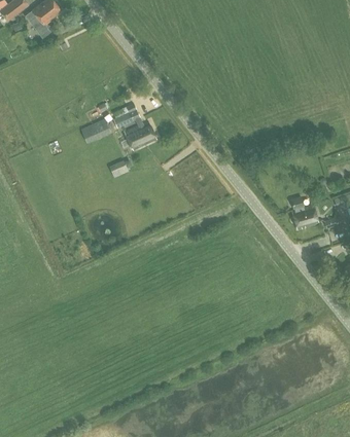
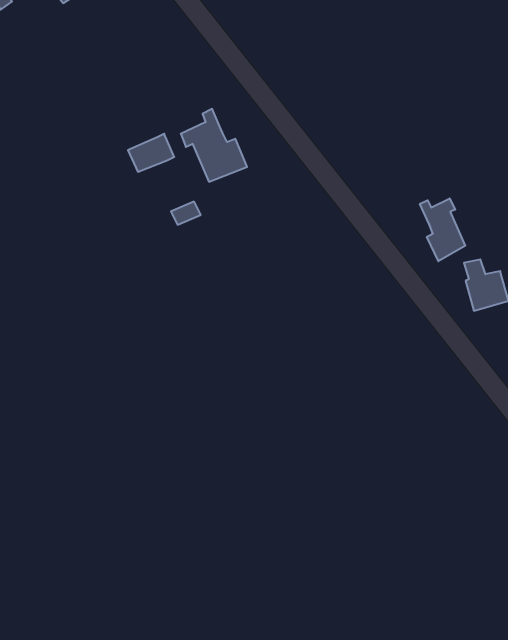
building: none -> [420,198,465,261]

